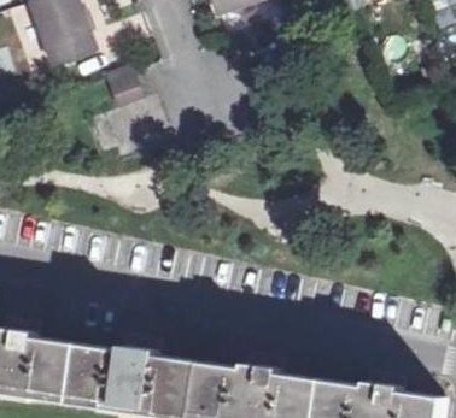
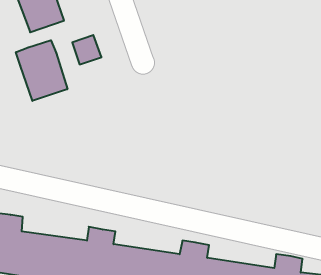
building: none -> [16,40,67,101]

